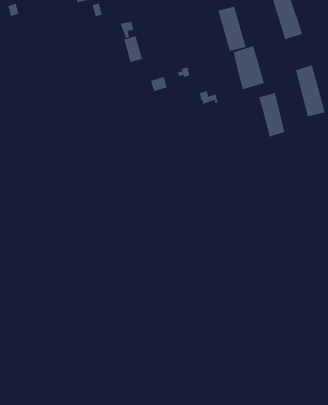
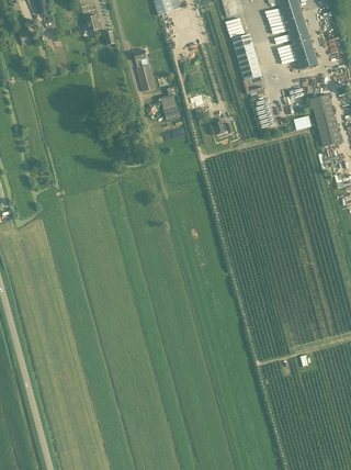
building: [233,45,265,90] -> none
building: [259,92,285,137] -> none

